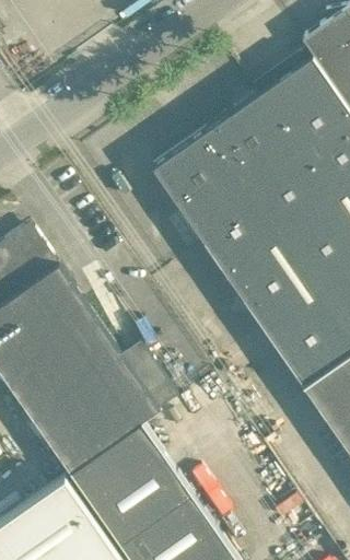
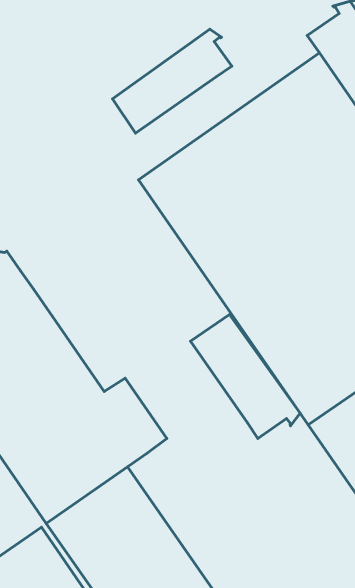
building: none -> [113,29,232,133]
building: none -> [190,314,300,439]

